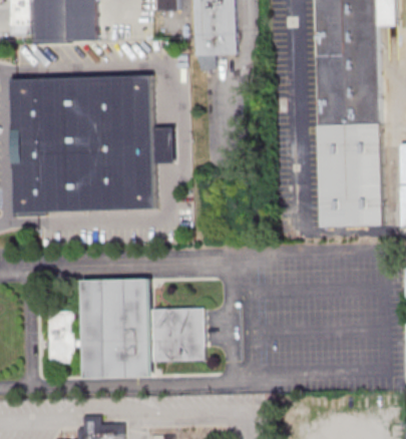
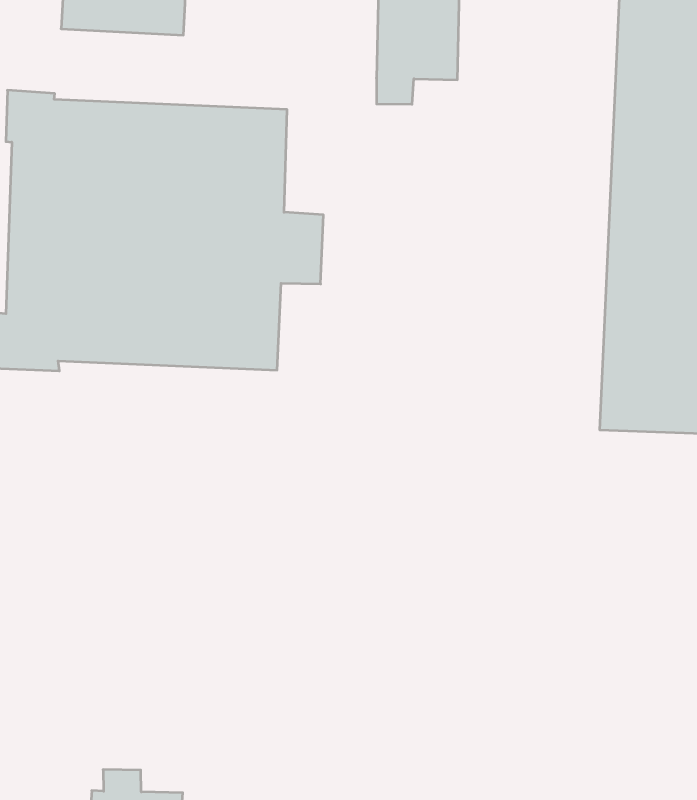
building: [47,279,205,378] -> none

